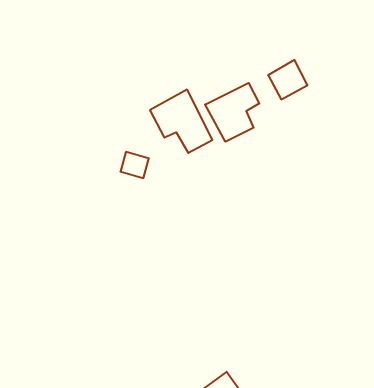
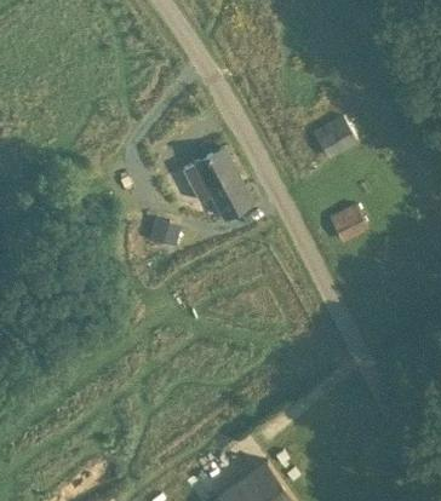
building: [205,83,259,142] -> none
building: none -> [327,205,366,243]

